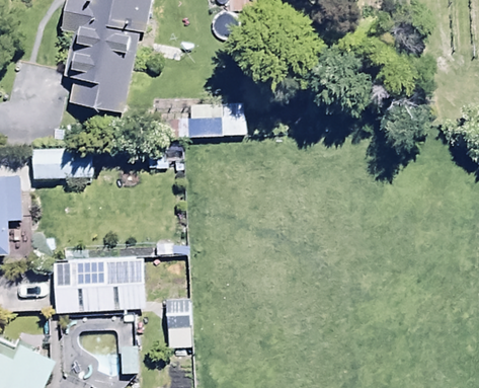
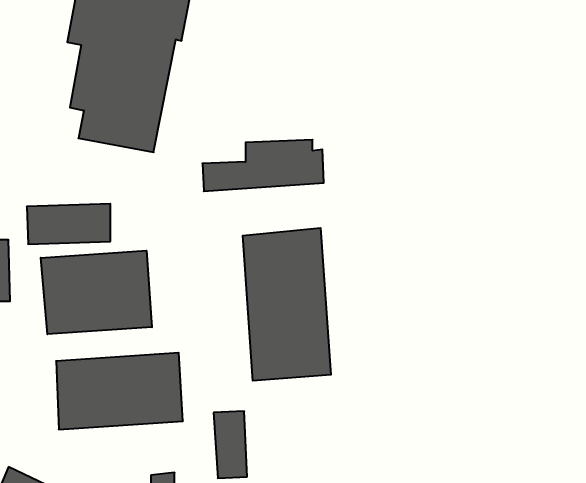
building: none -> [243,228,331,381]
building: none -> [41,251,152,334]

